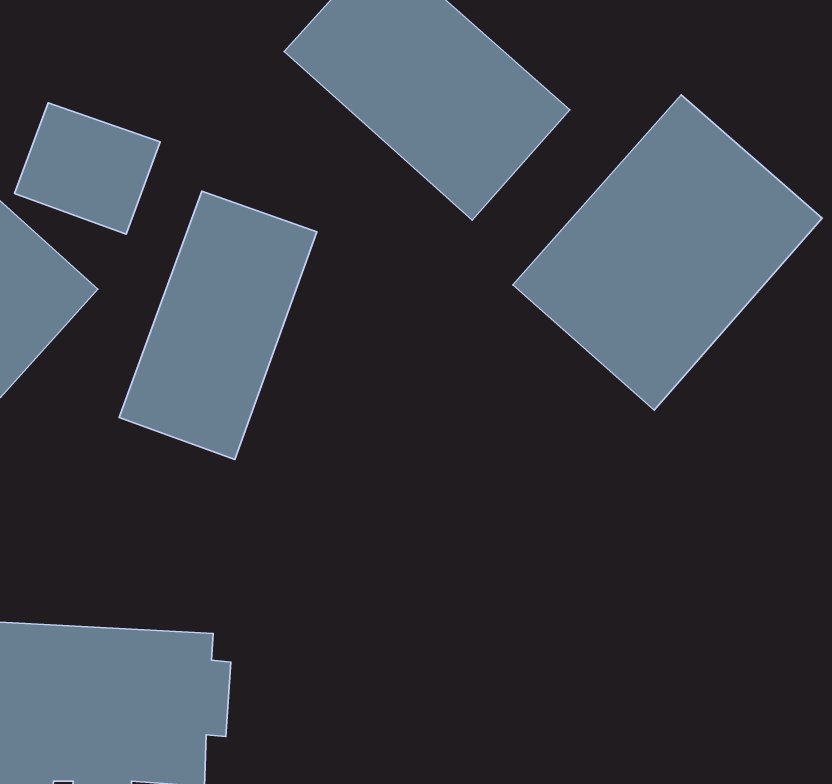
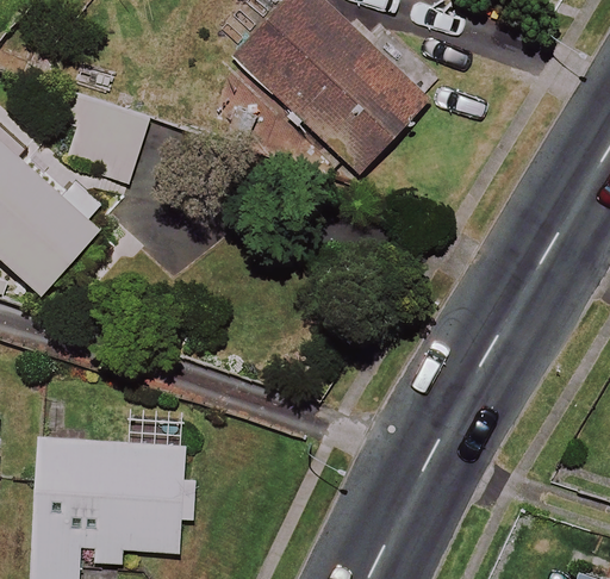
building: [513,95,822,410] -> none
building: [119,191,317,460] -> none

